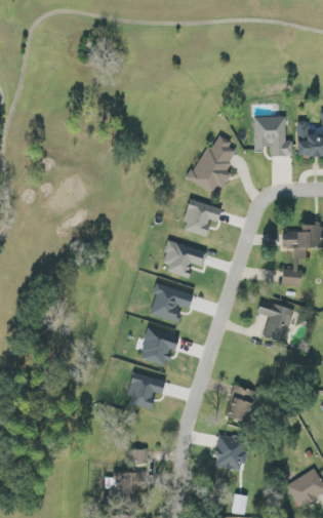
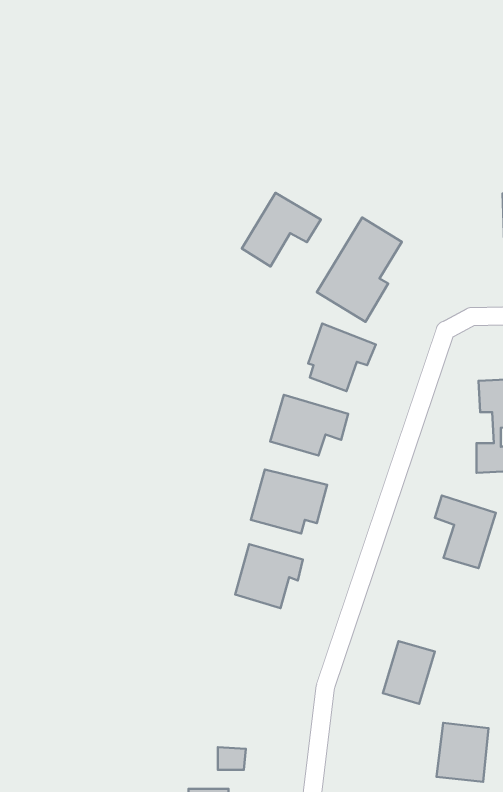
building: [253,115,290,155] -> none
building: none -> [242,193,321,266]
building: [125,371,166,408] -> none
building: [214,434,245,469] -> [436,723,488,782]

